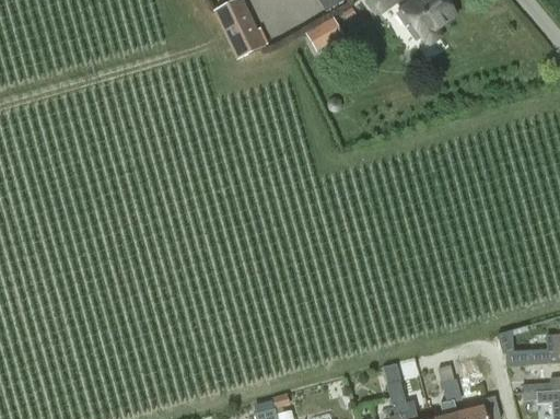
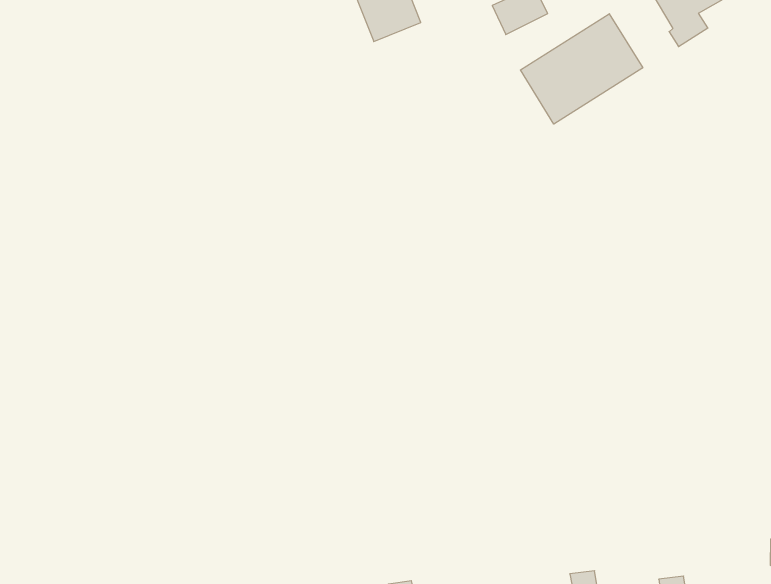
building: none -> [520,14,643,124]

